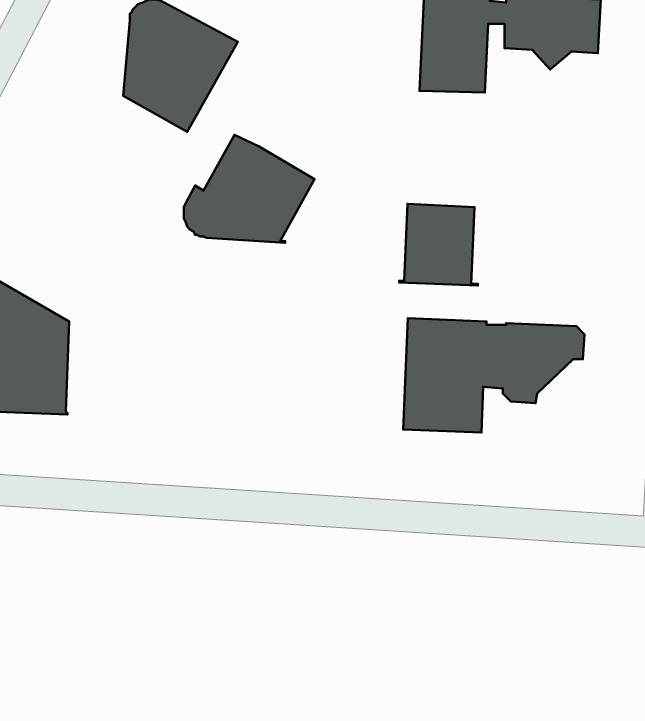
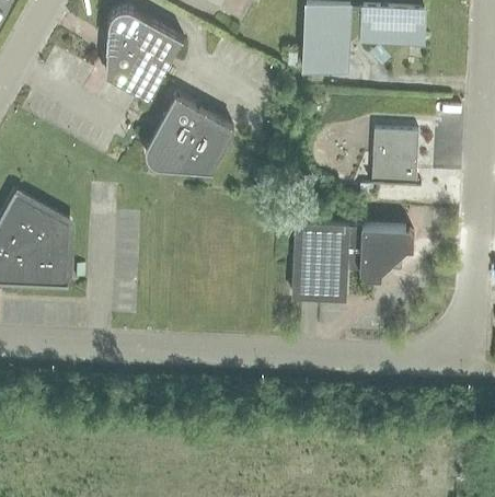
building: [399,204,478,286] -> [368,129,421,184]

